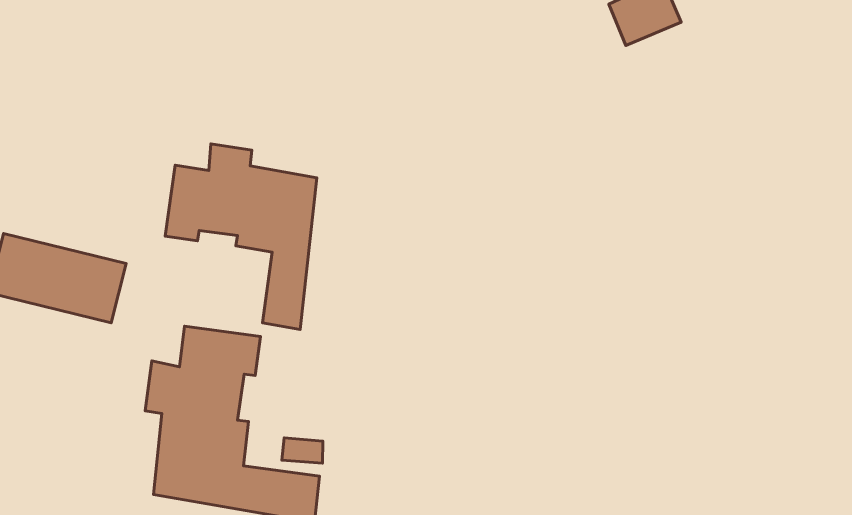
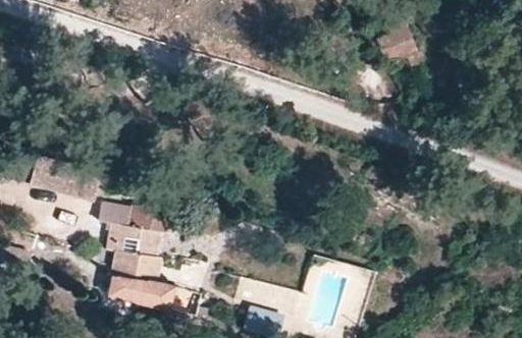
building: [165,144,317,330] -> none

